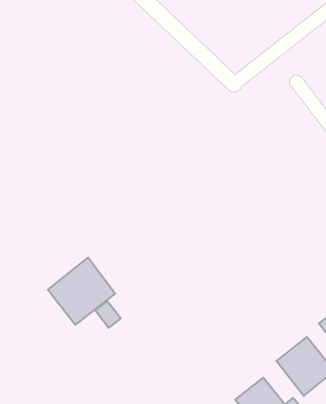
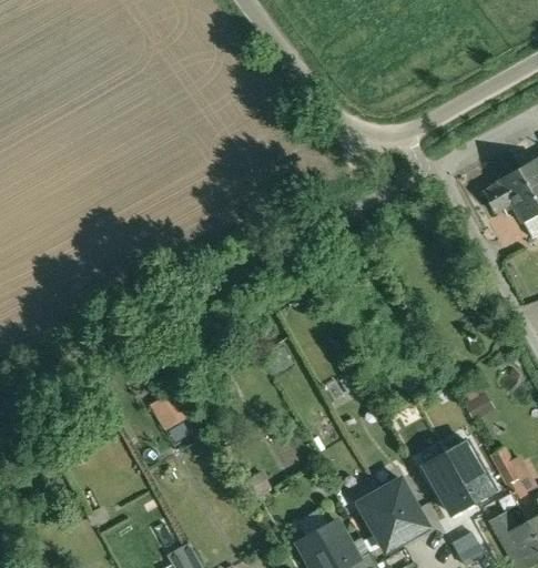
building: [48,258,115,325] -> none

